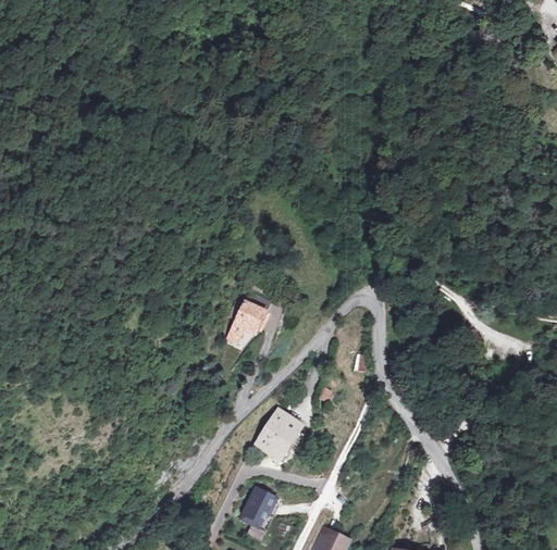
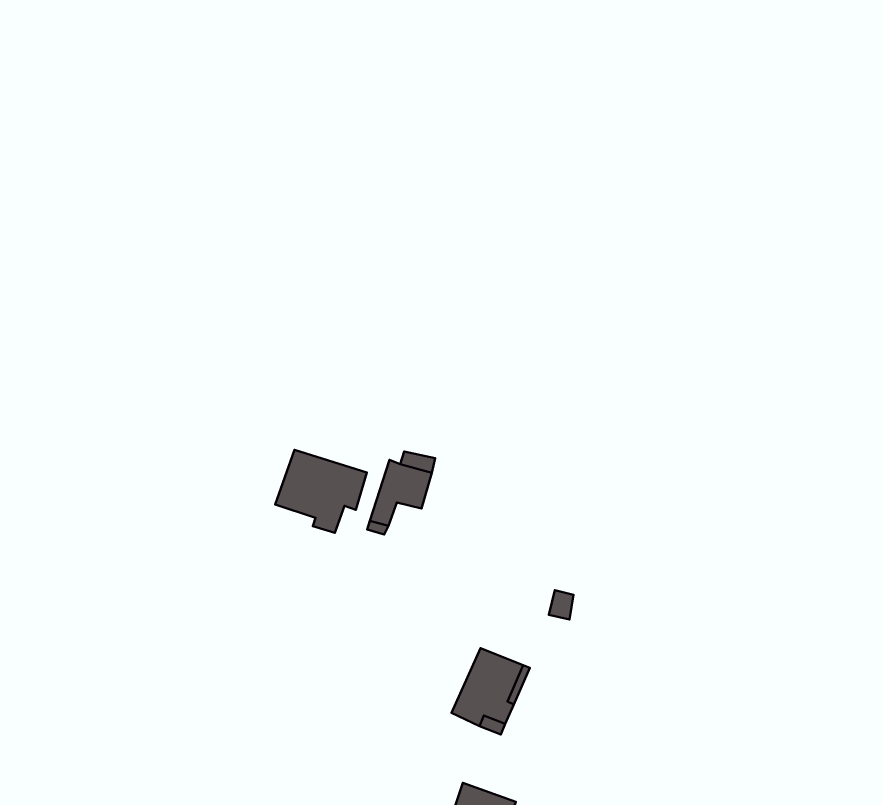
building: none -> [275,450,367,533]

